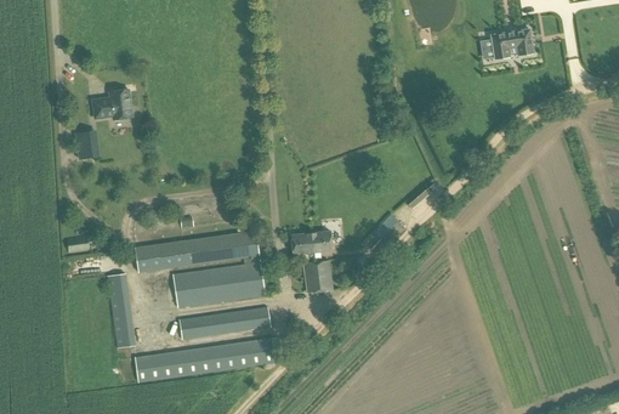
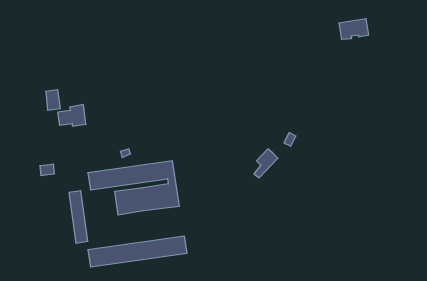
building: [92,89,132,119] -> [58,105,86,126]
building: [291,231,333,291] -> none
building: [178,306,271,339] -> none

